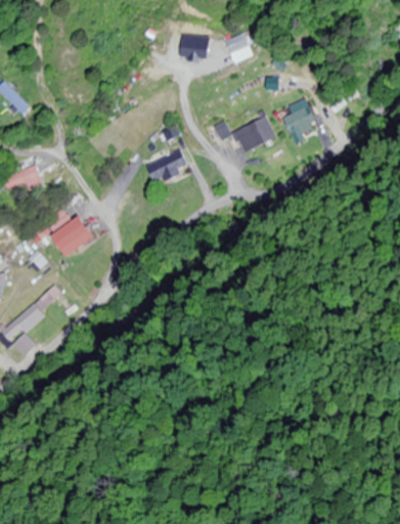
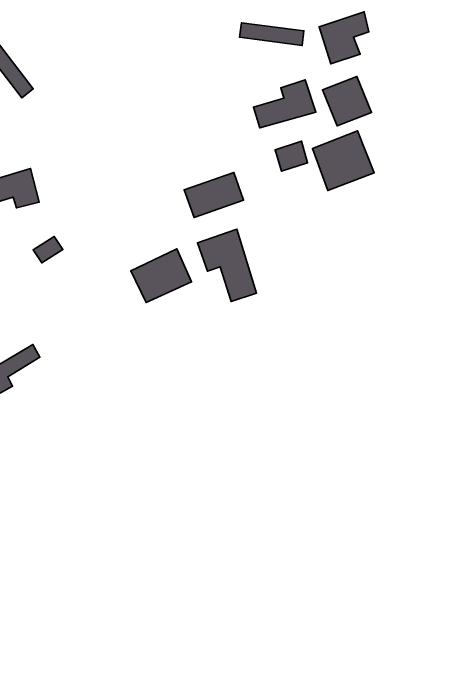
building: none -> [254,80,316,128]
building: [281,105,317,141] -> [323,77,371,126]
building: none -> [197,229,256,302]
building: [51,217,94,257] -> [131,249,192,302]

